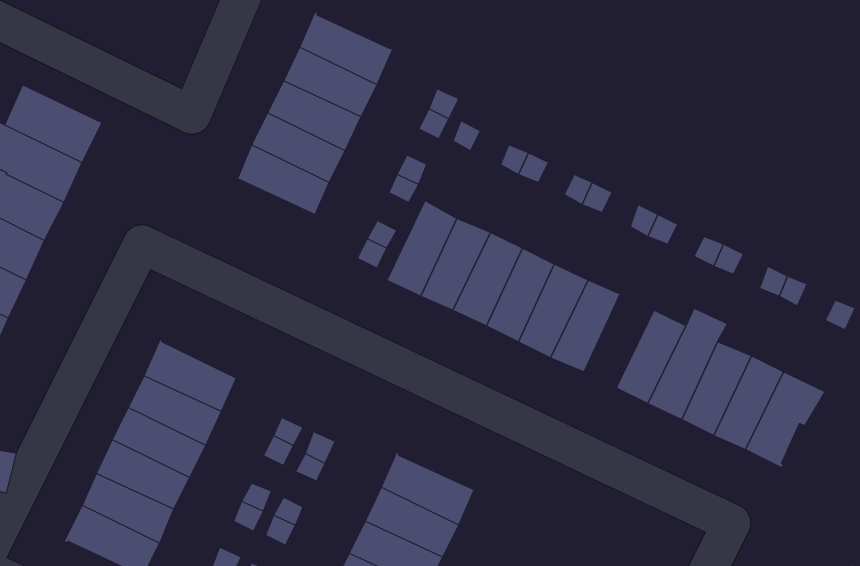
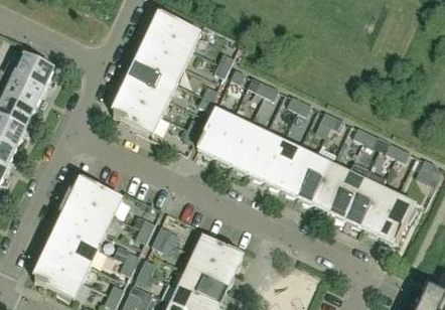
building: none -> [113,98,161,134]
building: none -> [297,156,332,203]

